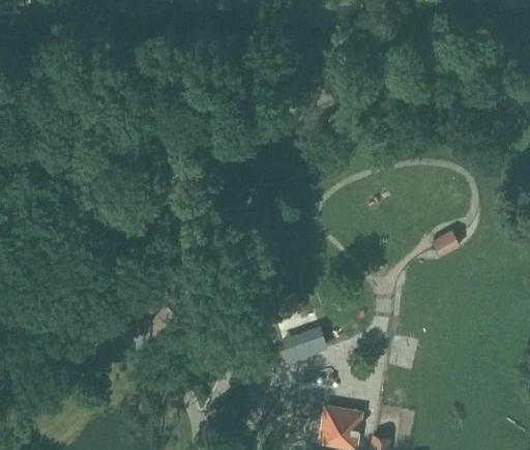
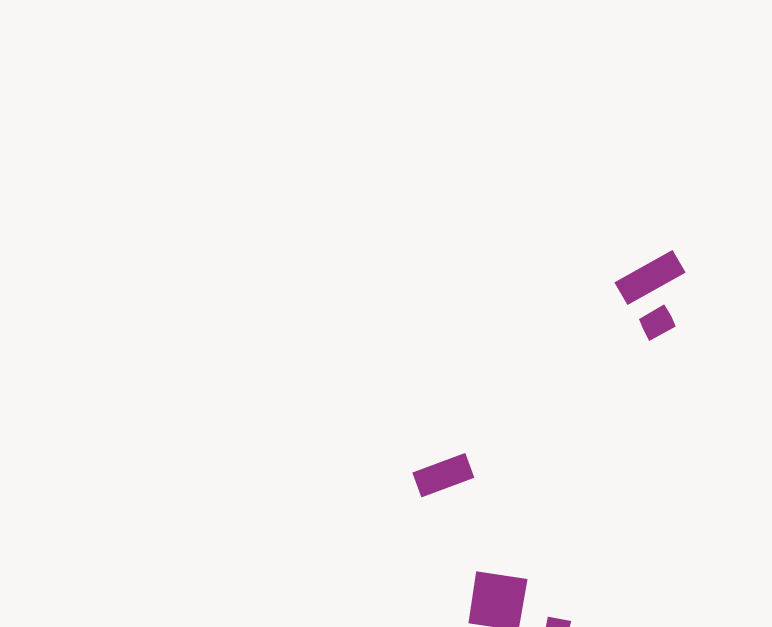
building: none -> [613,249,687,306]

